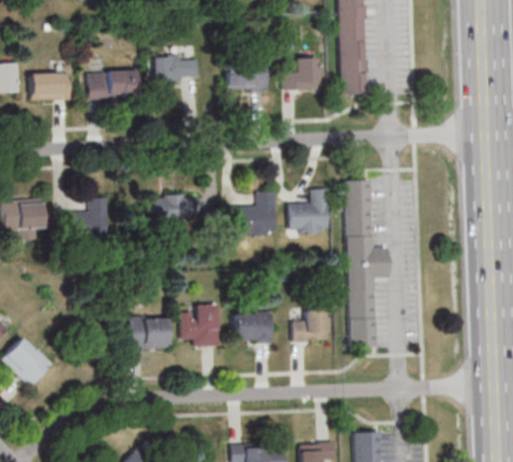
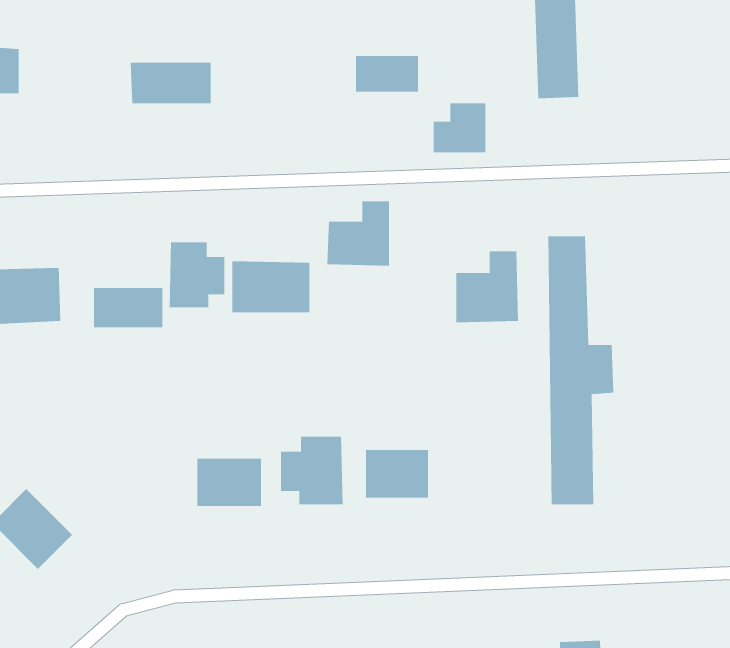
building: [154,56,199,80] -> none
building: [285,57,318,88] -> [433,103,486,153]
building: [31,73,72,99] -> none
building: none -> [169,242,225,308]
building: [236,192,276,233] -> [326,201,390,266]
building: [293,309,327,341] -> none

